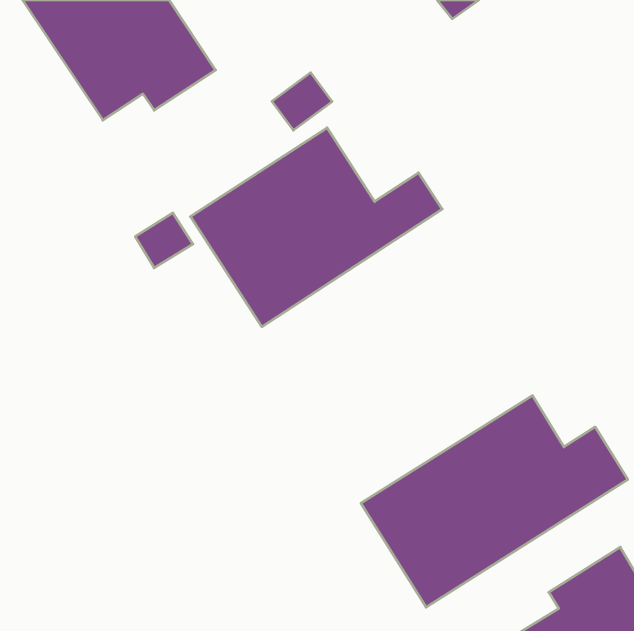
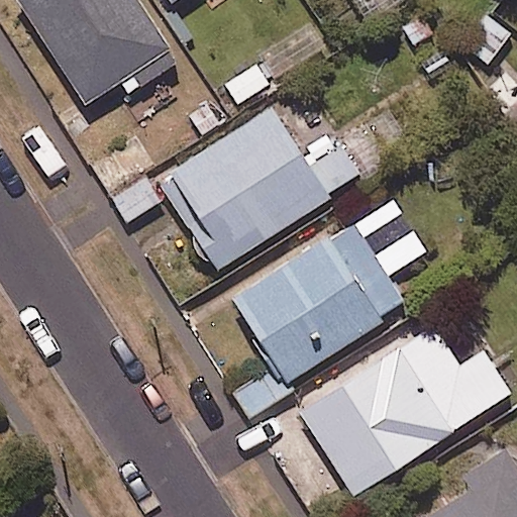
building: none -> [232,220,409,383]

